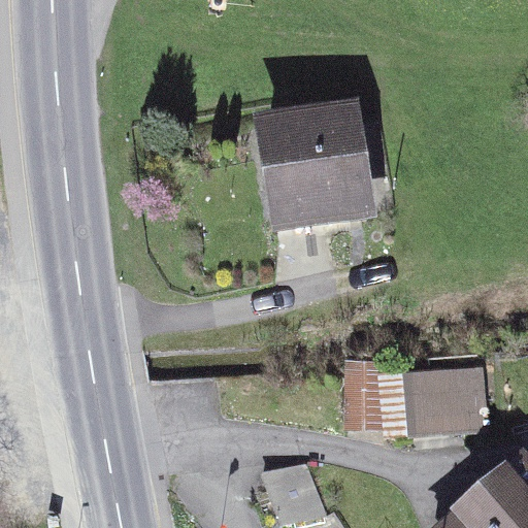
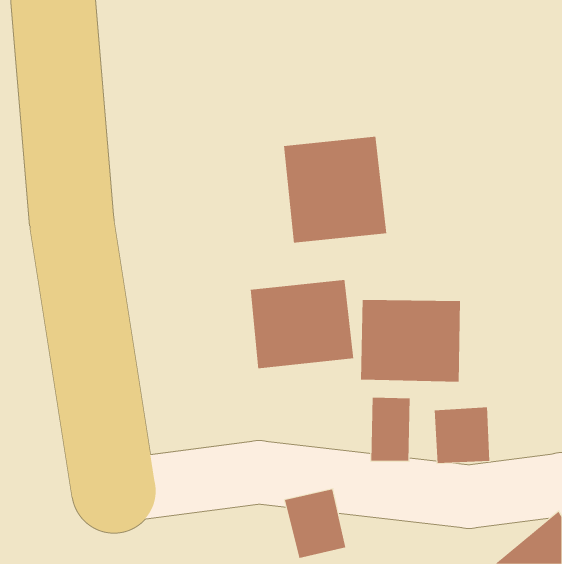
building: none -> [250,279,354,369]
building: none -> [361,299,460,382]

